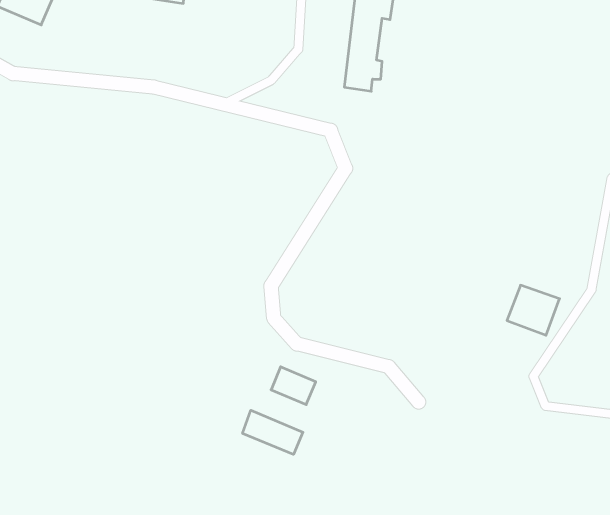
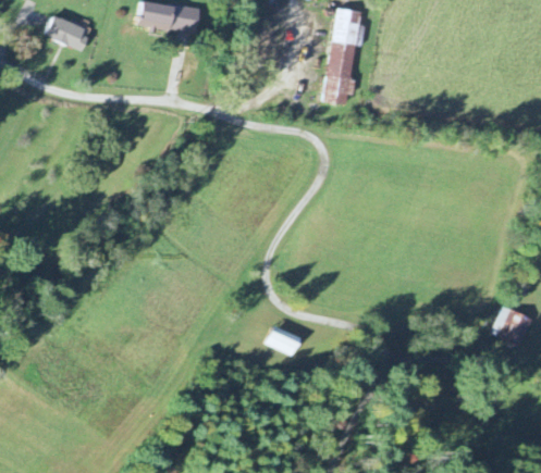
building: [507,285,560,335] -> [490,307,532,347]
building: [243,410,303,454] -> none

